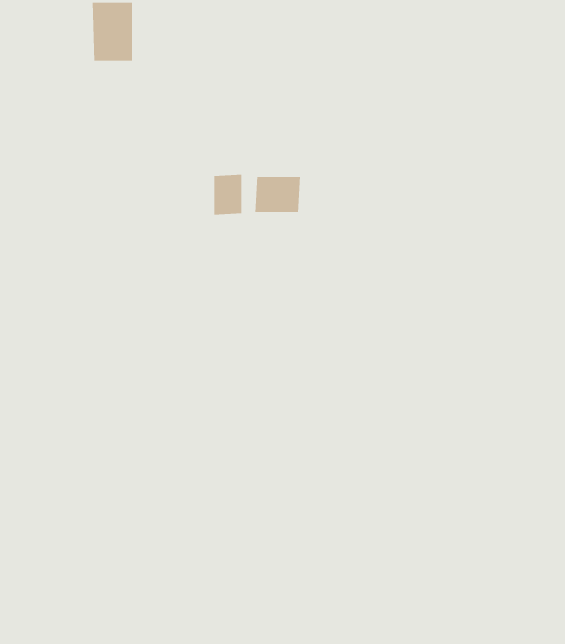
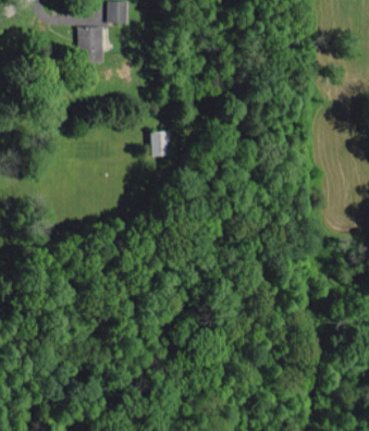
building: [255,176,301,213] -> none

